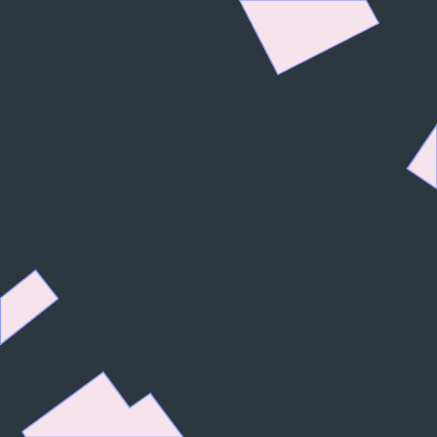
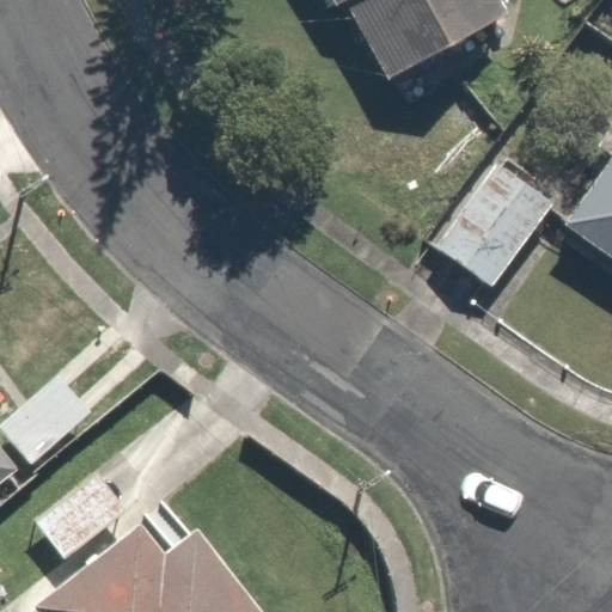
building: none -> [426,153,559,294]

